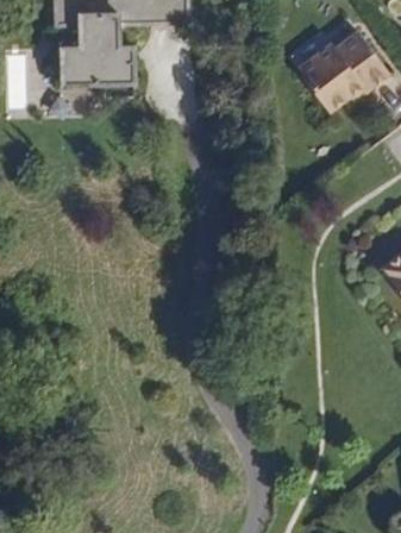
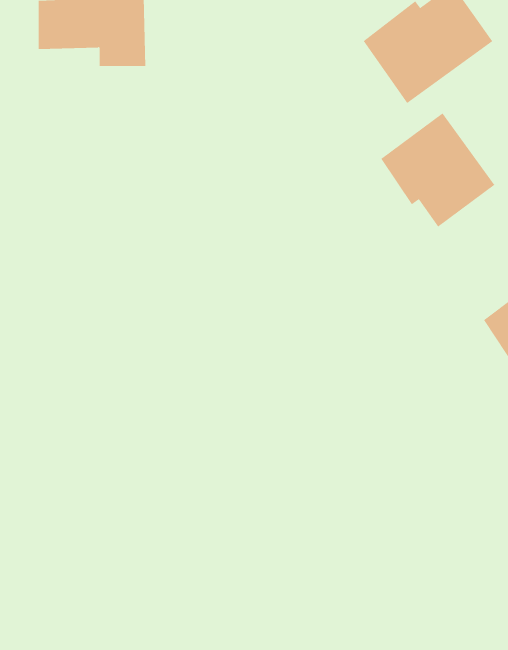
building: none -> [381,113,495,228]

